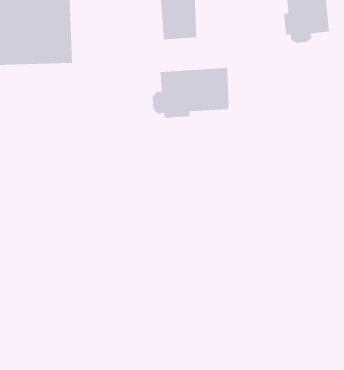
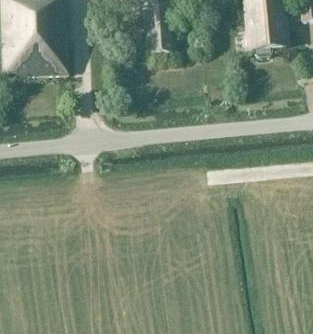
building: [152,67,229,118] -> none

